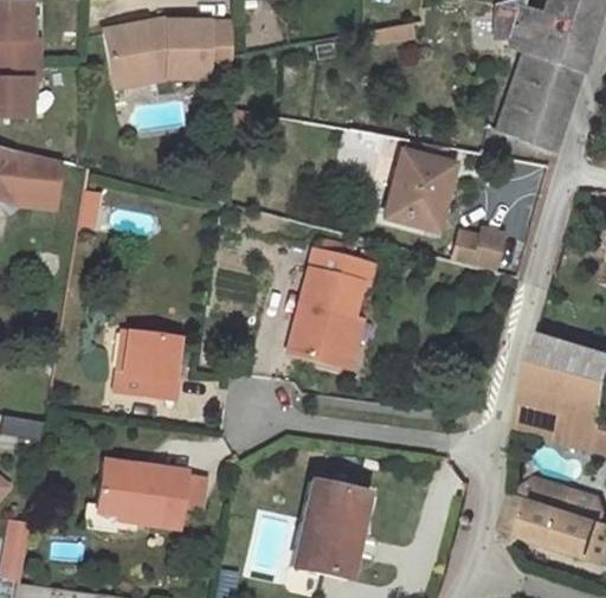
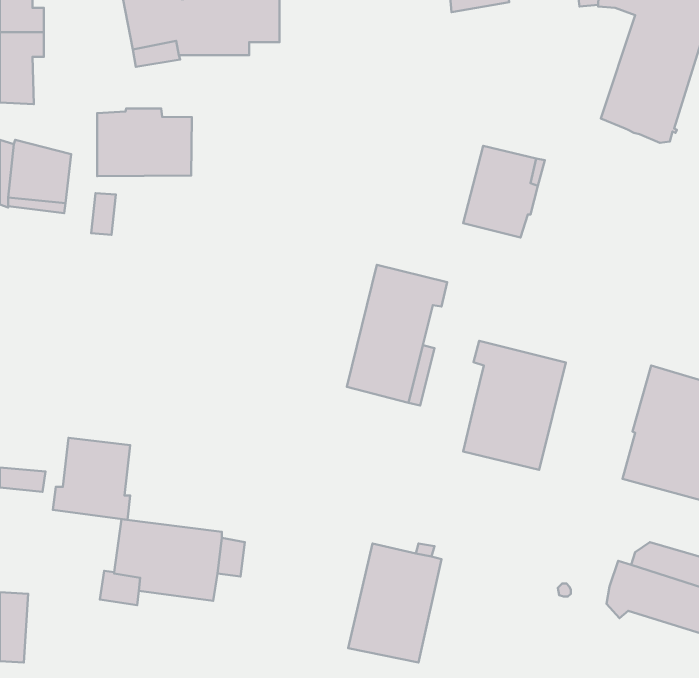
building: none -> [97,109,192,176]
building: [454,229,503,270] -> none
building: none -> [463,341,566,470]
building: [116,330,180,398] -> [53,438,130,520]

